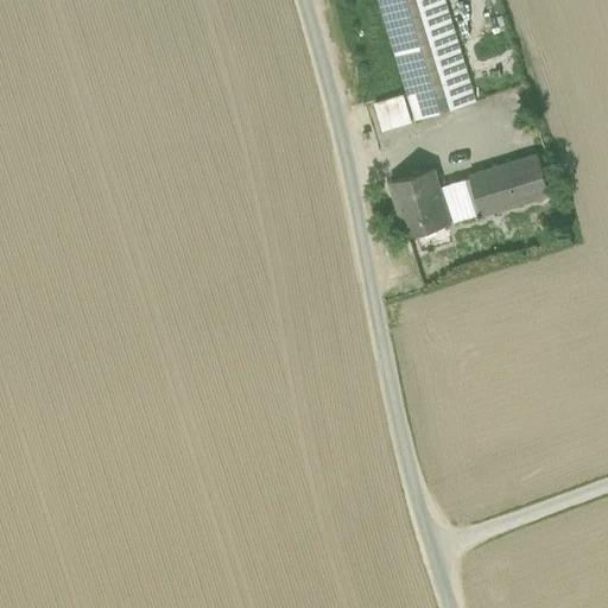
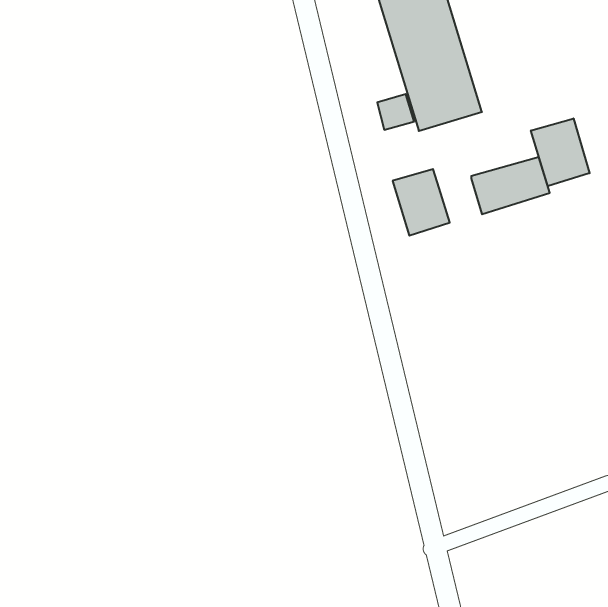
building: none -> [531,118,590,186]
building: [438,178,481,222] -> none

